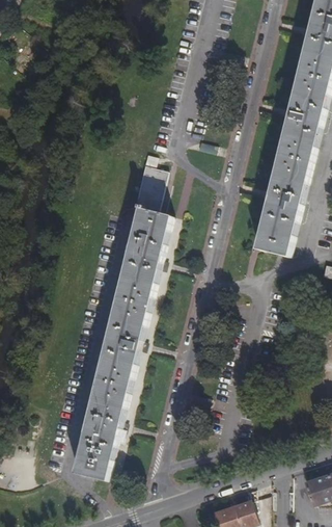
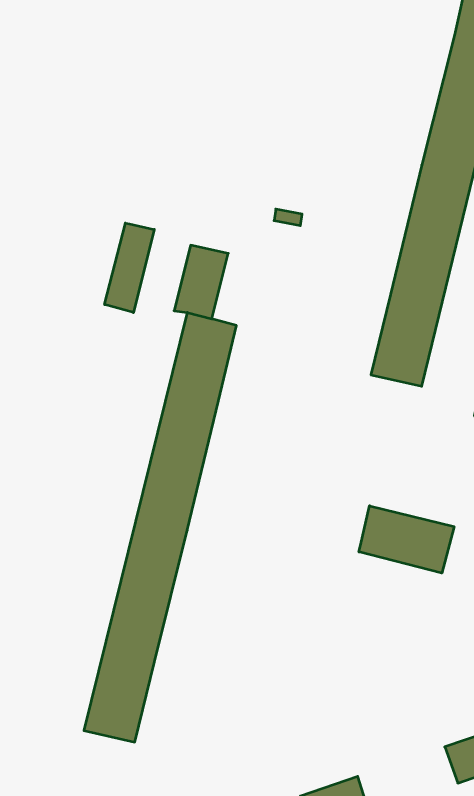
building: none -> [105,223,154,313]
building: none -> [359,506,454,573]

